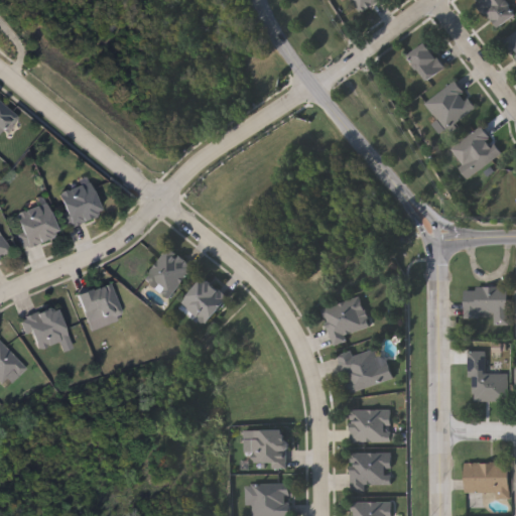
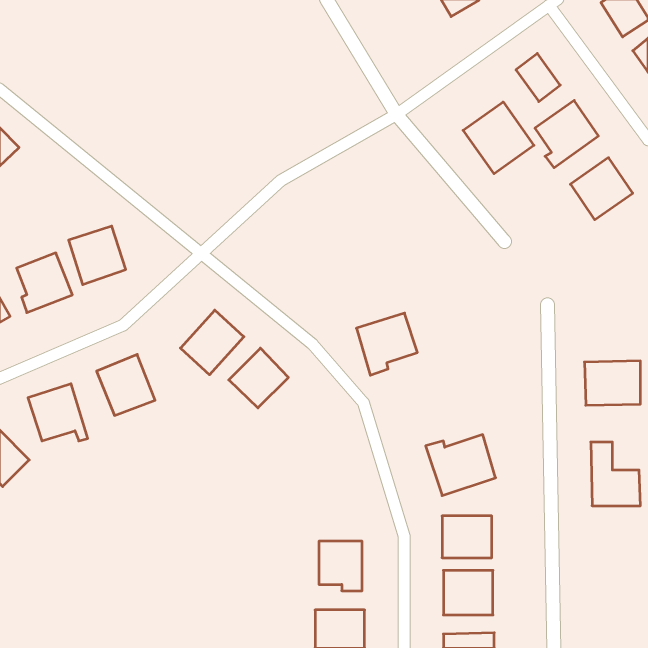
building: none -> [463,102,534,174]
building: [322,296,371,346] -> [356,313,417,375]
building: [466,463,508,493] -> none

